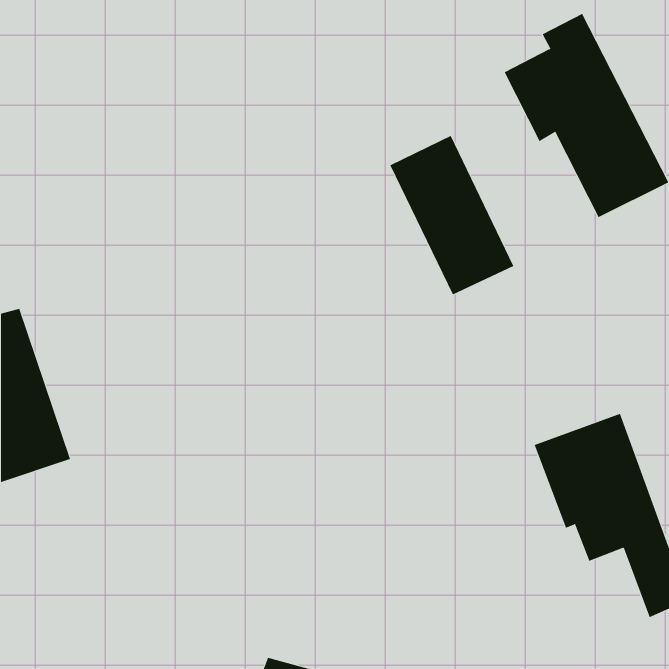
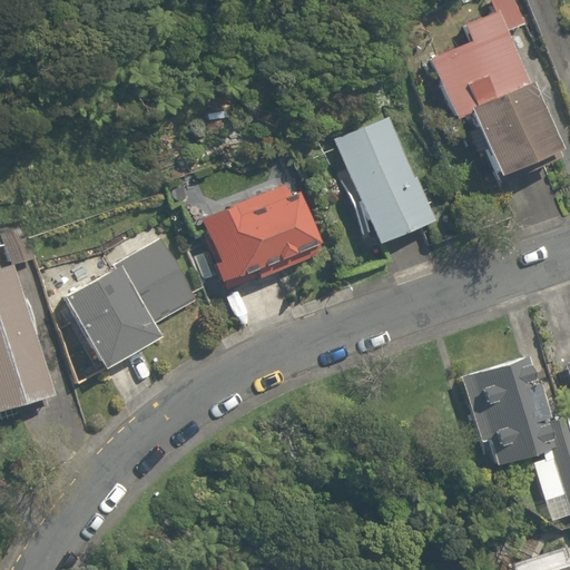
building: none -> [205,180,326,293]
building: none -> [61,235,190,366]

